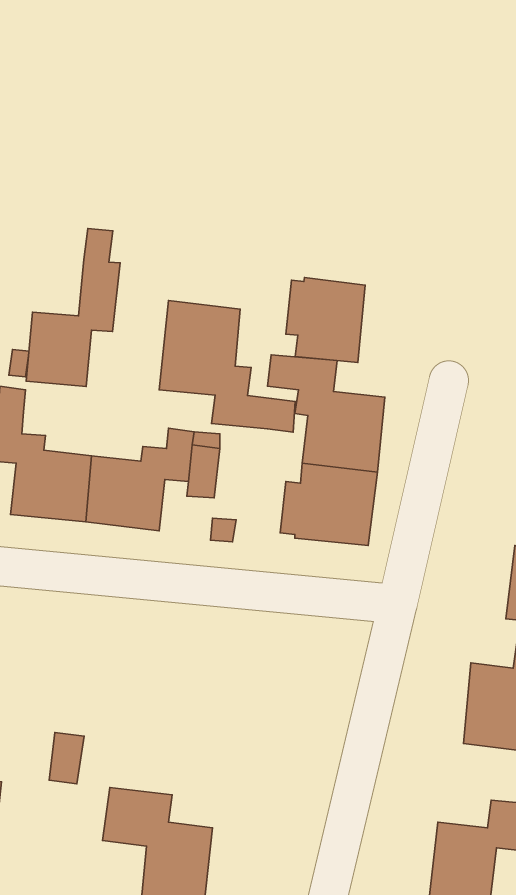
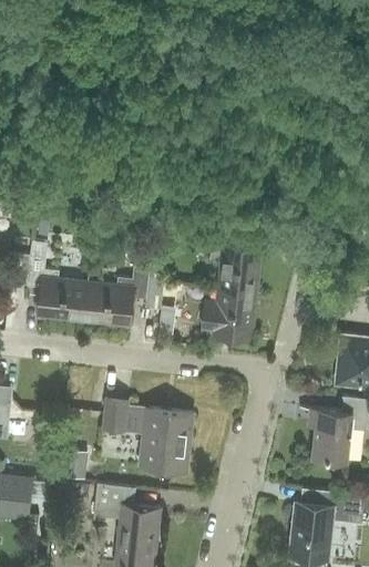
building: [26,229,120,387] -> none
building: [286,278,365,362] -> none
building: [159,301,295,432] -> none
building: none -> [102,398,194,470]

